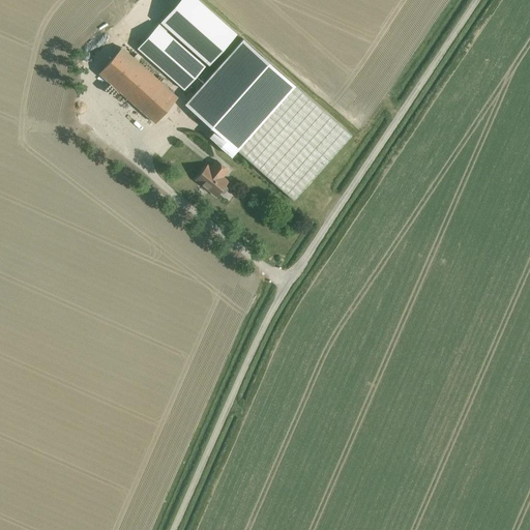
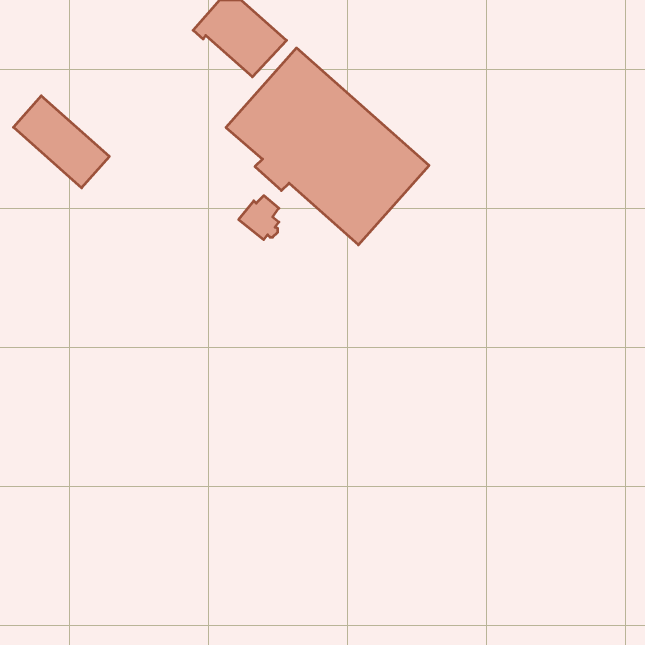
building: [137,25,205,90] -> none
building: [99,48,178,123] -> [13,96,109,188]

